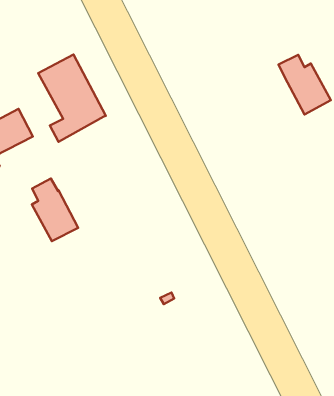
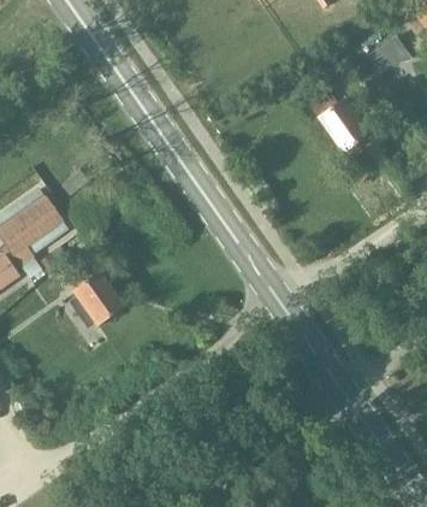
building: [38,54,106,142] -> none

